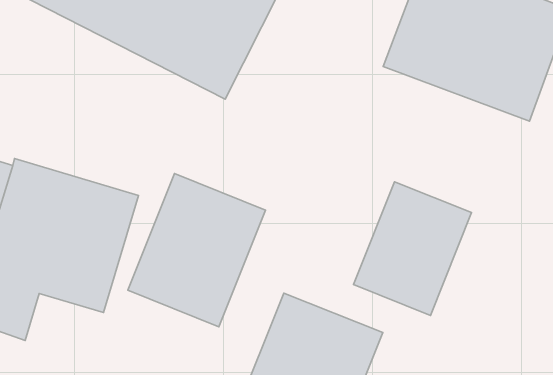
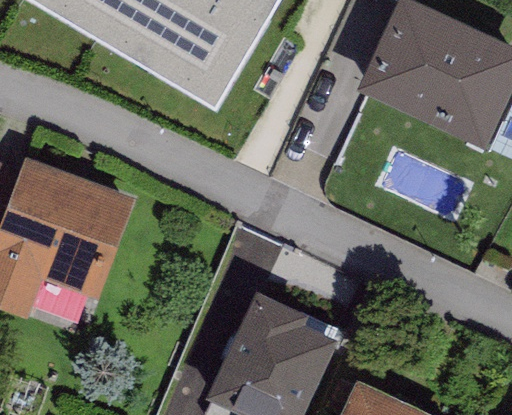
building: [128,173,266,327] -> none
building: [354,182,471,315] -> none

